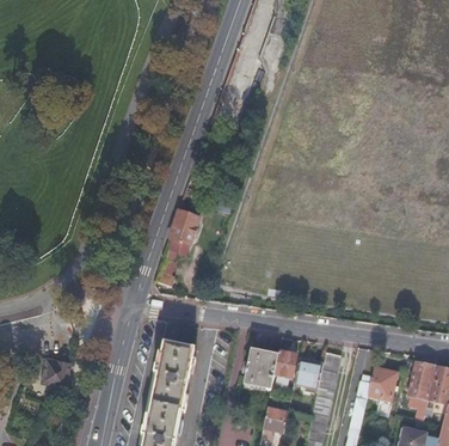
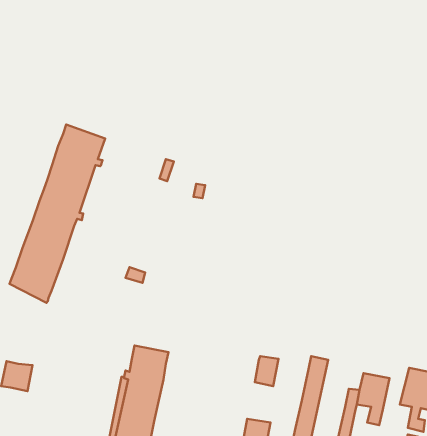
building: none -> [10,125,105,303]
building: [167,209,199,249] -> none
building: [244,350,277,390] -> none
building: [294,359,322,392] -> none

